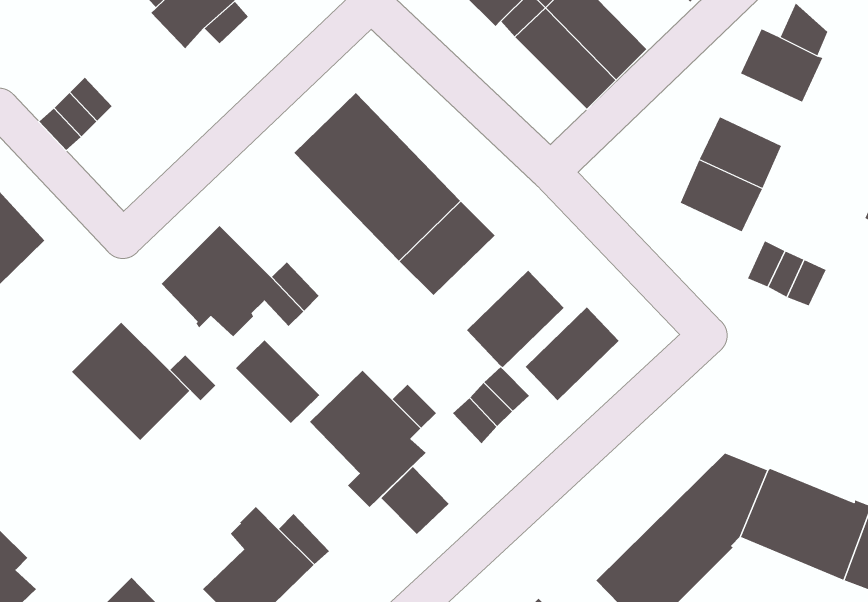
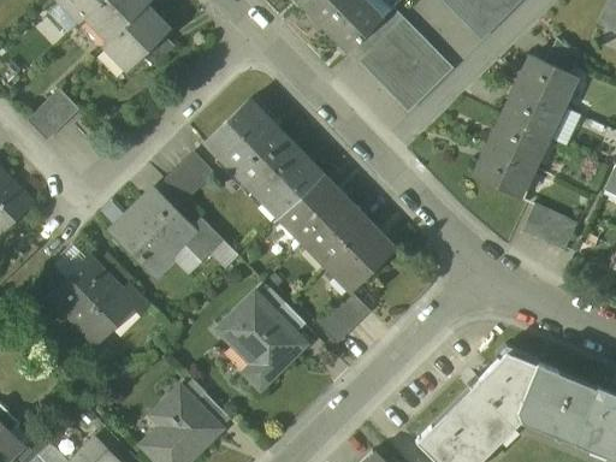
building: none -> [503,87,561,137]
building: none -> [165,152,215,202]
building: [525,306,620,401] -> [303,200,369,266]
building: [235,340,320,424] -> none
building: [380,466,449,535] -> none

